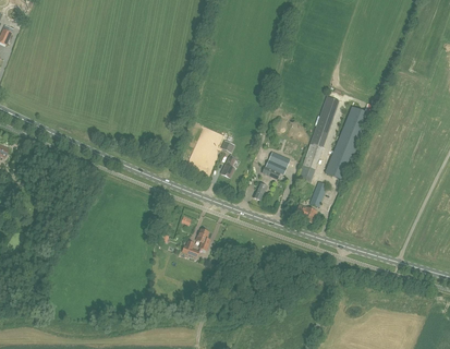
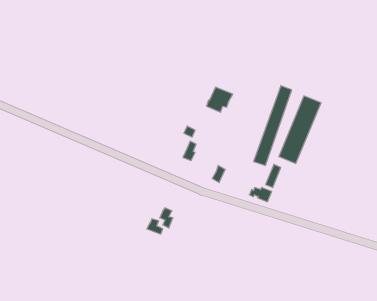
building: [262,152,290,179] -> [207,87,233,112]

